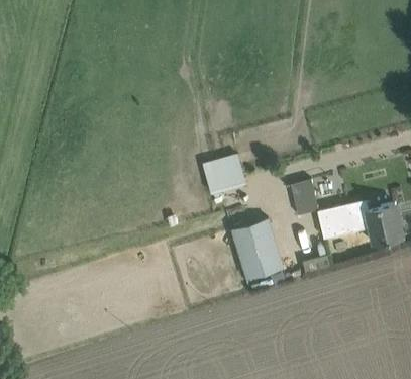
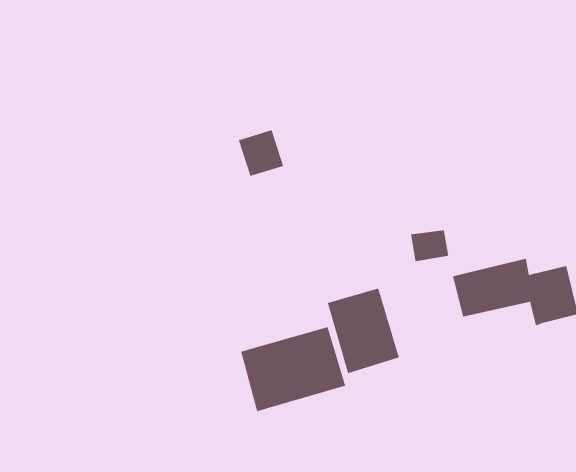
building: [215,153,246,185] -> [238,129,284,177]
building: none -> [240,326,346,412]

